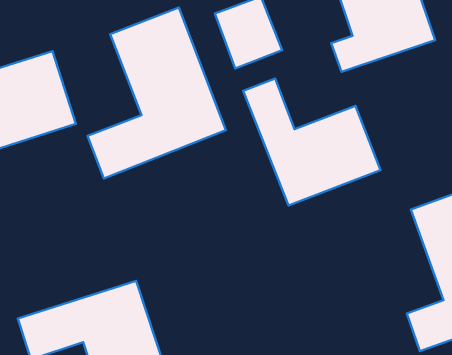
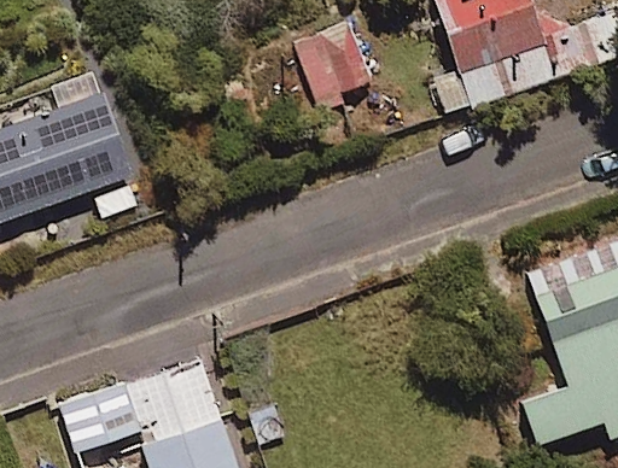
building: [87,7,226,178] -> none
building: [243,78,381,205] -> none

